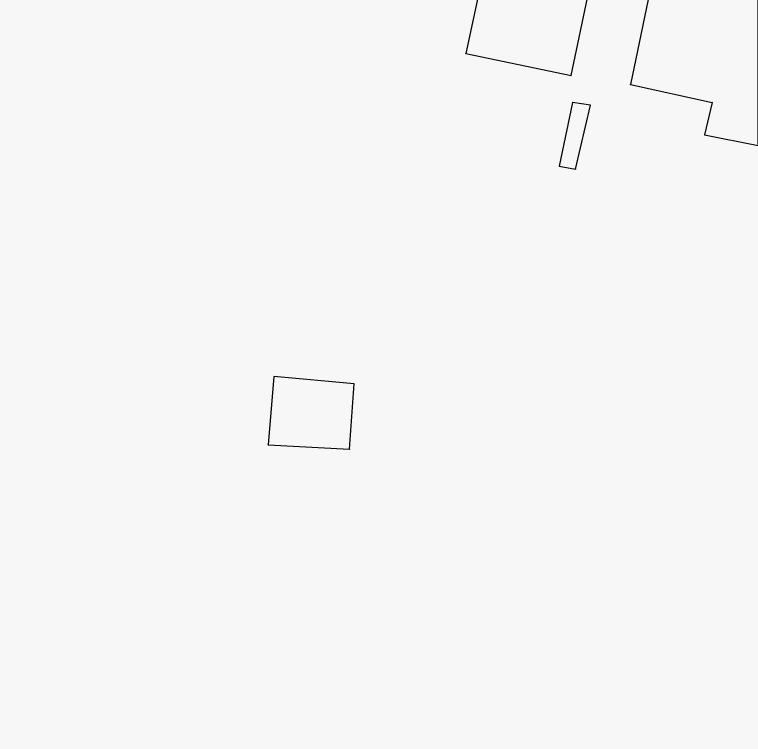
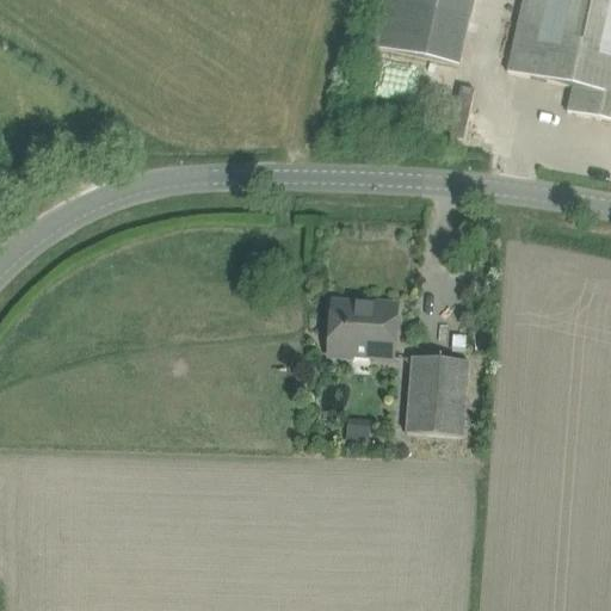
building: [268,377,354,449] -> [328,296,397,354]
building: none -> [407,353,470,433]

